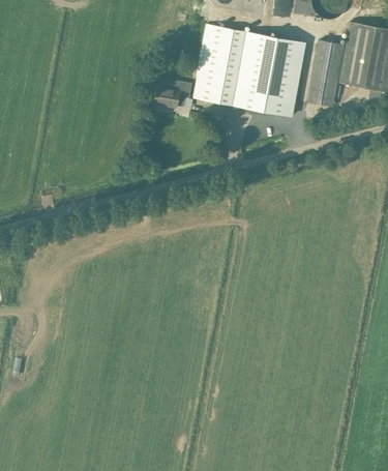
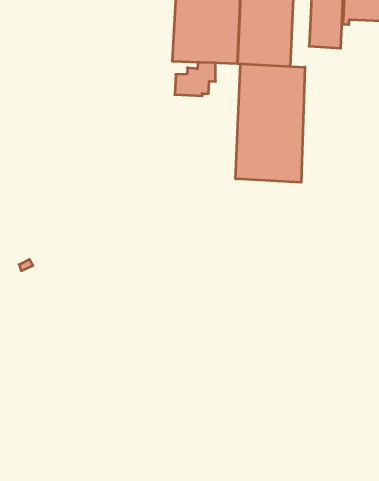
building: [155,81,192,109] -> [175,63,216,96]
building: none -> [236,64,305,182]

